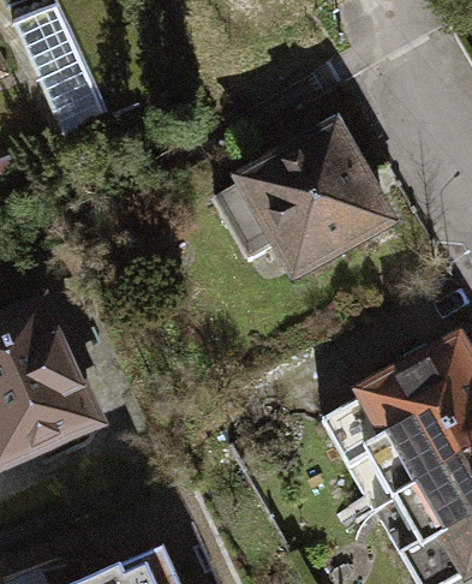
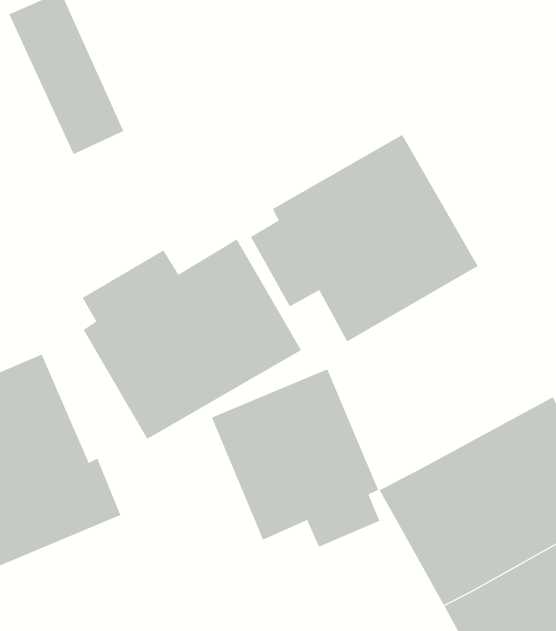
building: none -> [82,238,302,440]
building: none -> [211,368,380,548]

